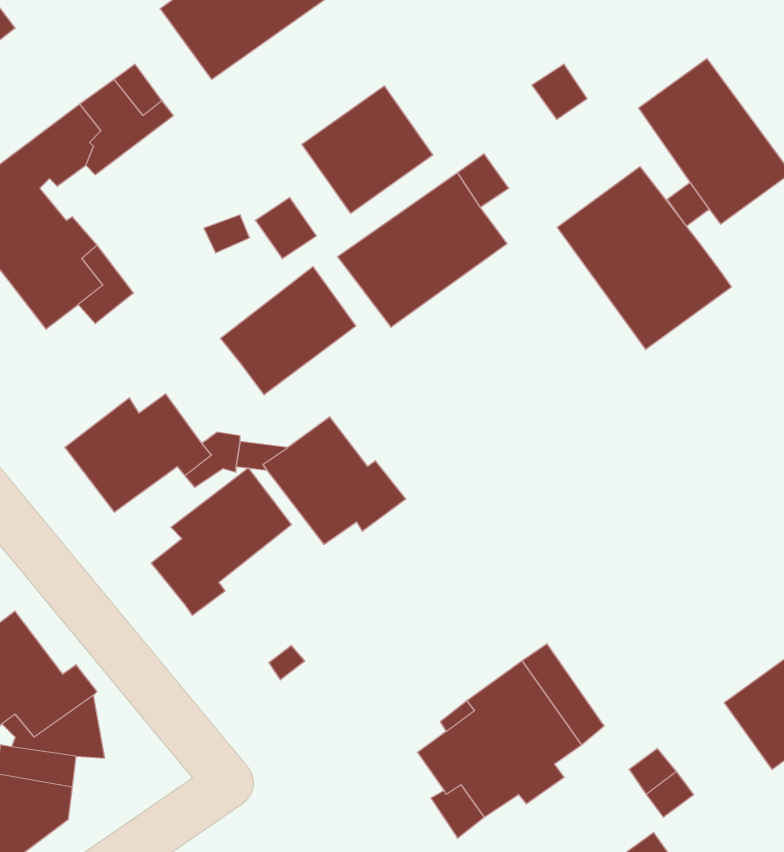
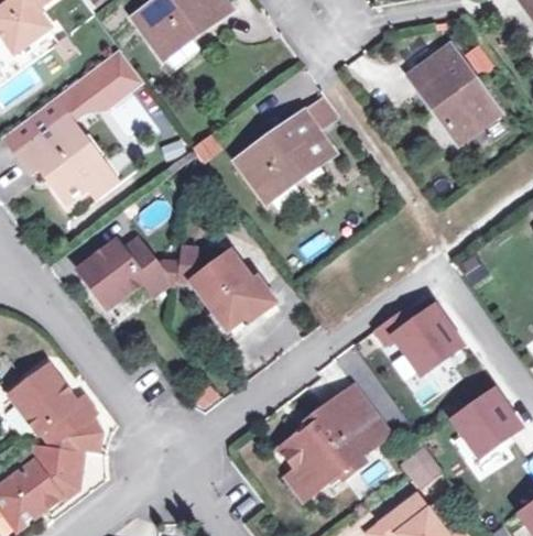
building: [302,86,433,213] -> none
building: [557,166,731,350] -> none
building: [220,267,356,395] -> none
building: [151,468,292,615] -> none
building: none -> [377,306,465,375]

